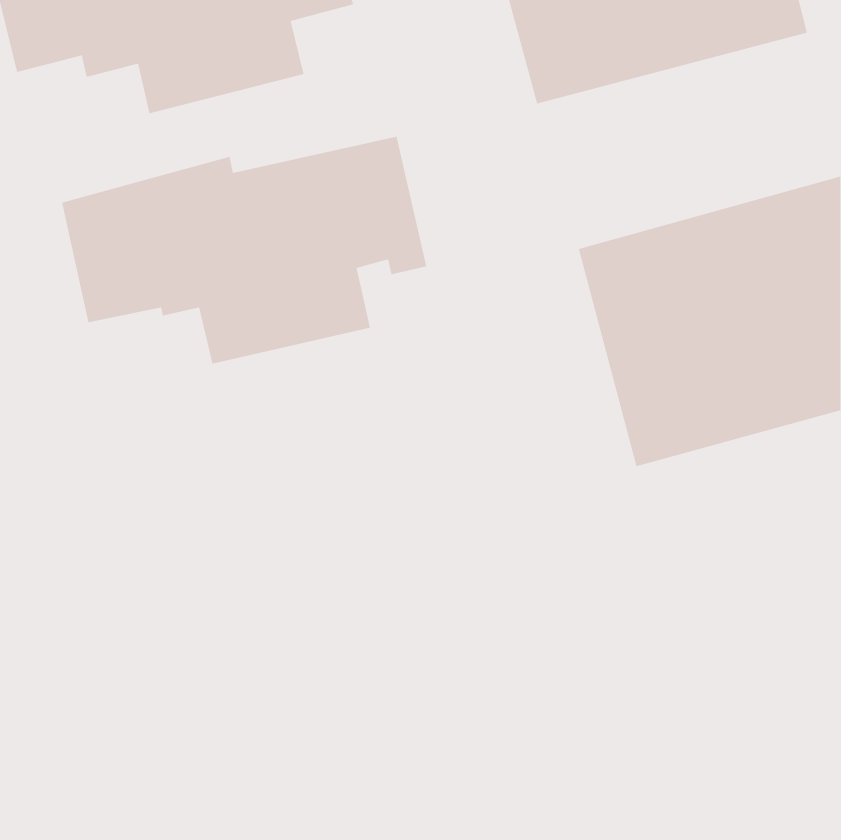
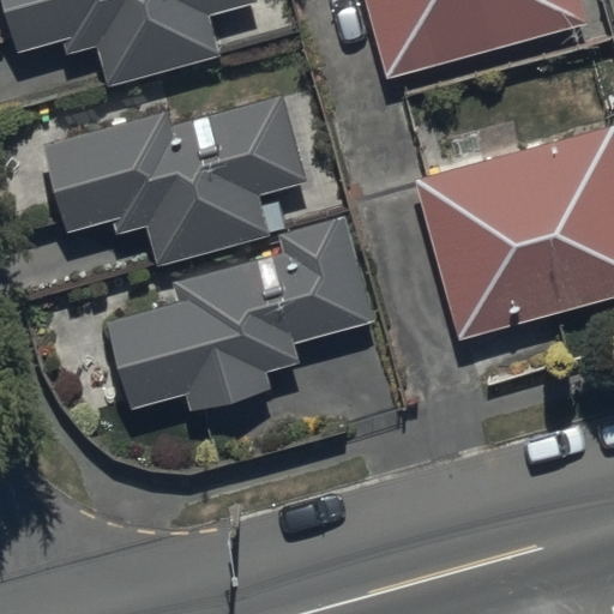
building: none -> [109,216,374,413]

